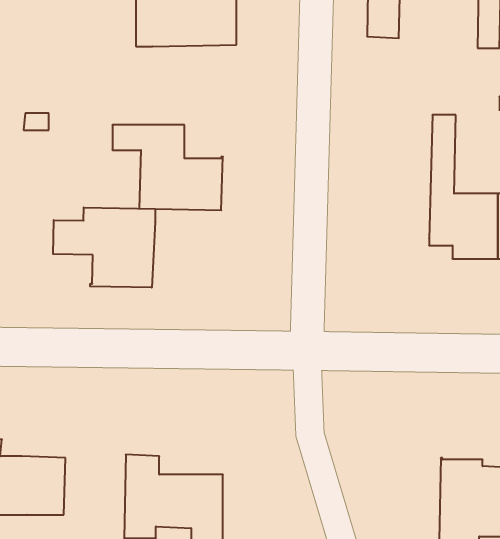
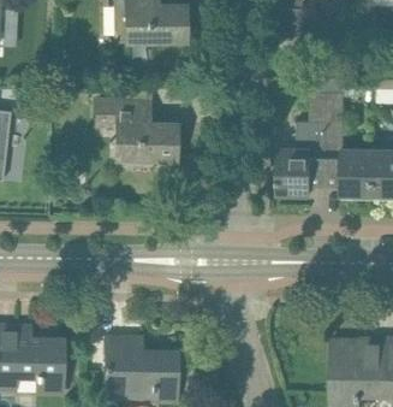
building: none -> [278,93,328,195]
building: [53,207,155,288] -> none

